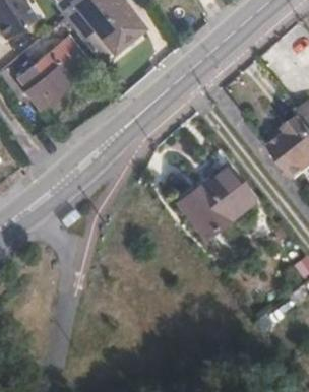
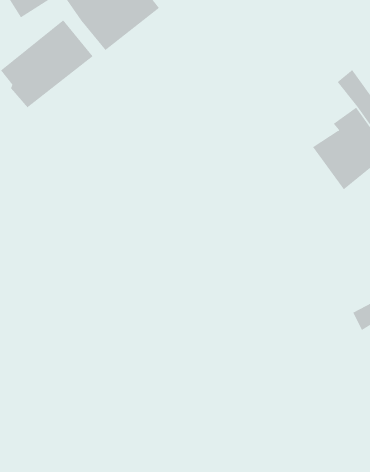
building: [177,170,251,243] -> none

